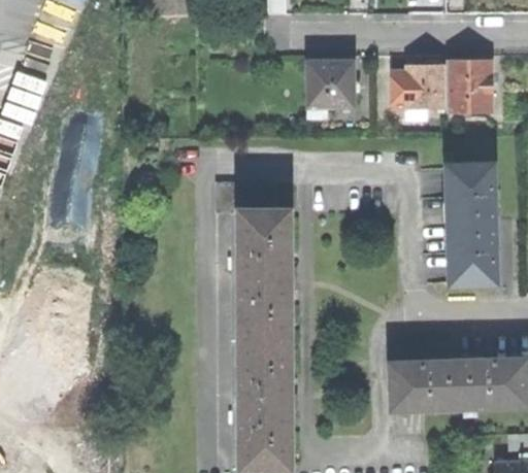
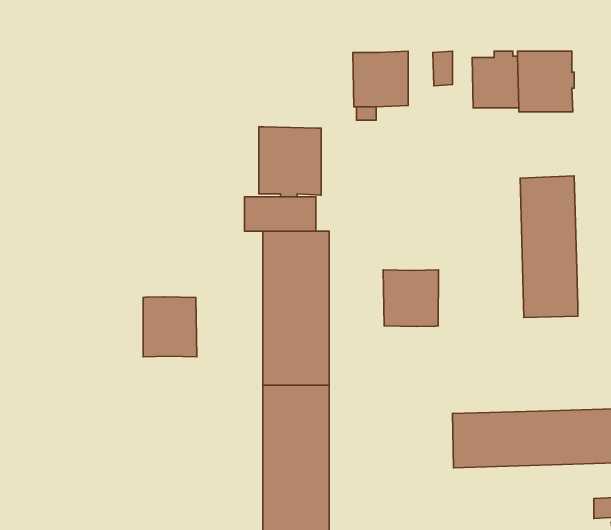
building: none -> [259,127,321,197]
building: none -> [383,270,438,326]
building: none -> [143,297,197,357]

